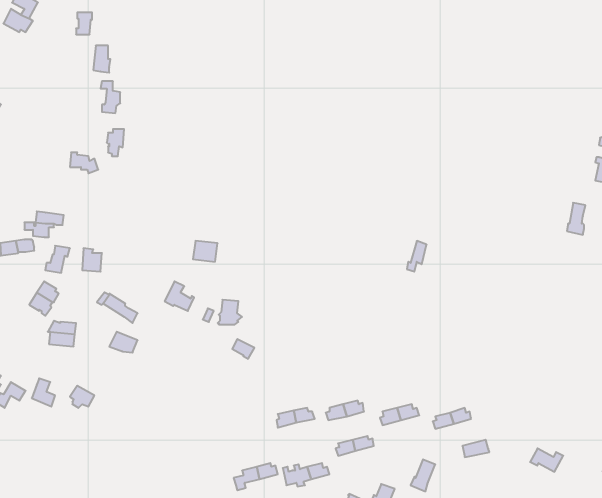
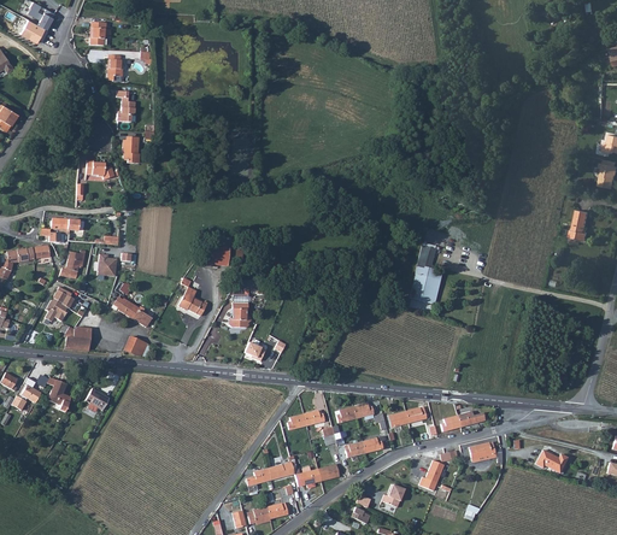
building: none -> [410,276,441,304]

